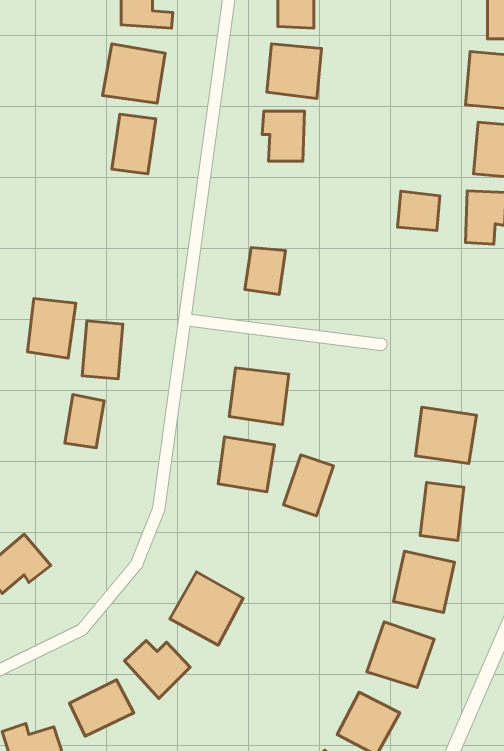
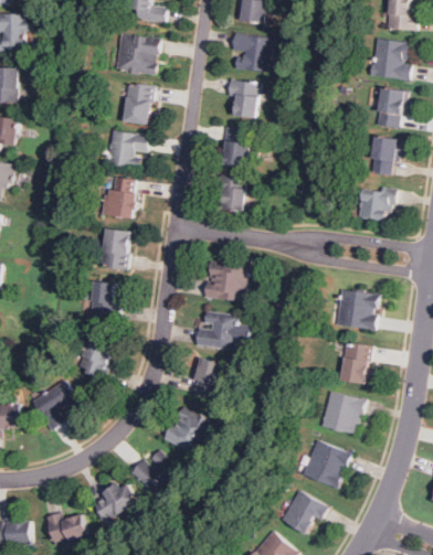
building: none -> [220,126,254,168]
building: none -> [107,131,146,168]
building: [398,191,440,230] -> [360,191,390,218]
building: [27,299,76,358] -> [103,177,137,218]
building: [284,455,334,516] -> [188,356,223,399]
building: none -> [77,334,113,376]

